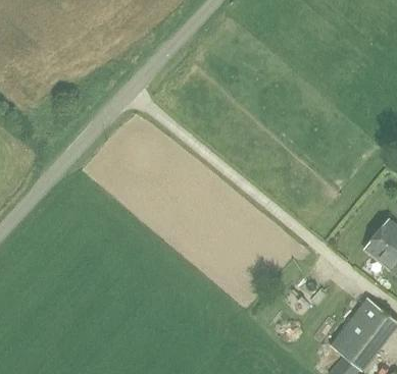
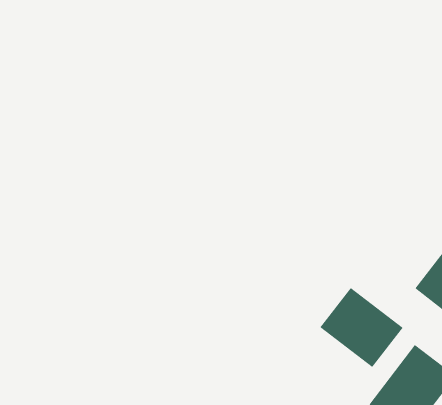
building: none -> [319,287,403,368]

